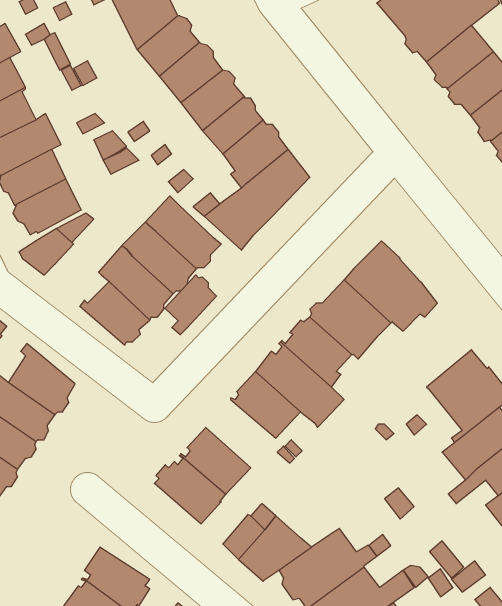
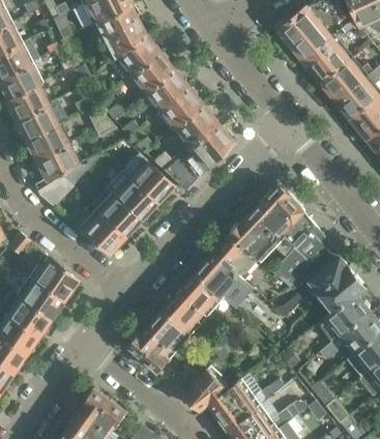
building: [165,275,217,335] -> none
building: none -> [275,226,339,291]
building: none -> [162,290,208,335]

